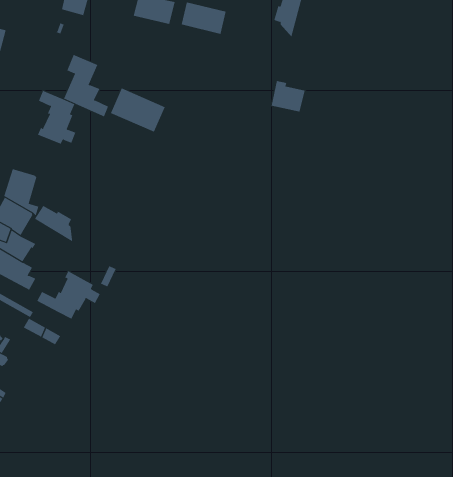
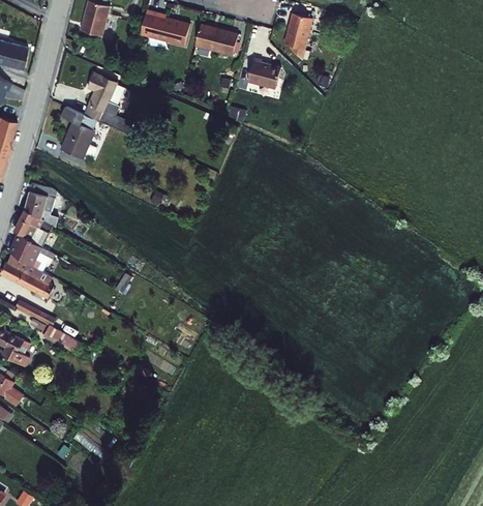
building: [271,81,306,112] -> [247,57,280,87]
building: [110,88,165,133] -> none
building: [34,205,73,242] -> none
building: [36,271,101,320] -> none

